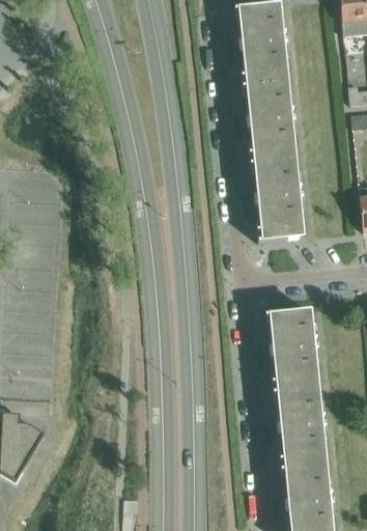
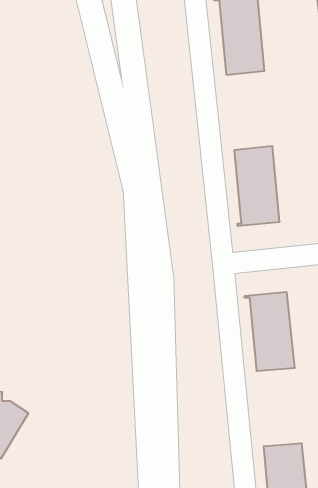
building: [248,83,295,165] -> none
building: [279,389,326,470] -> none

